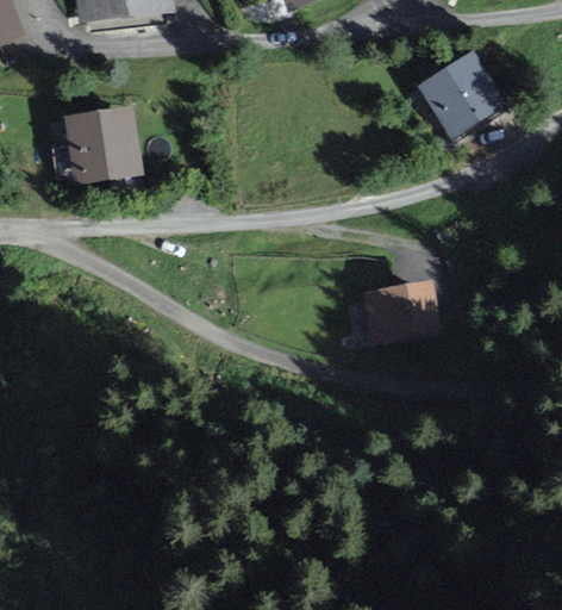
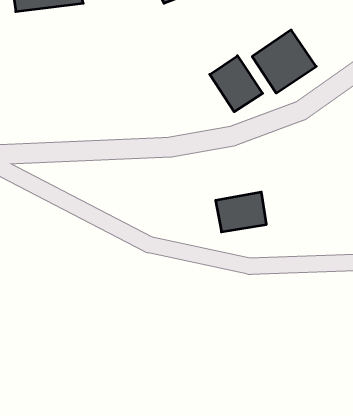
building: none -> [210,56,263,112]
building: [61,104,140,183] -> none

